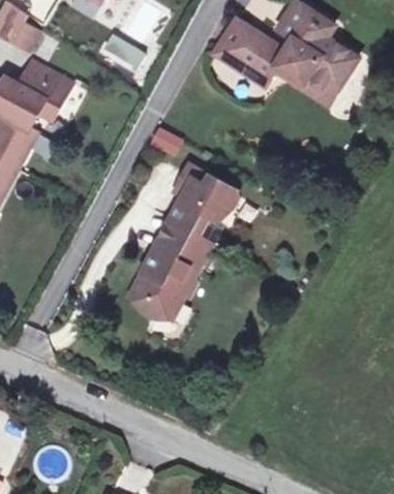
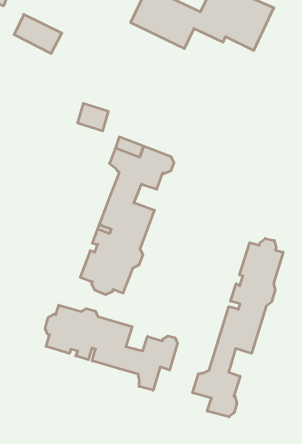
building: none -> [193,238,283,417]
building: none -> [45,305,177,390]

